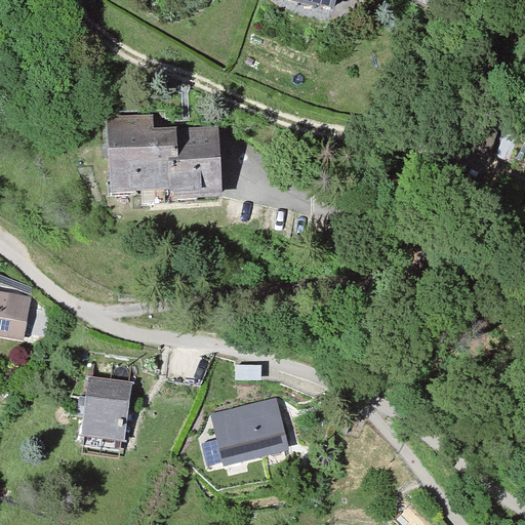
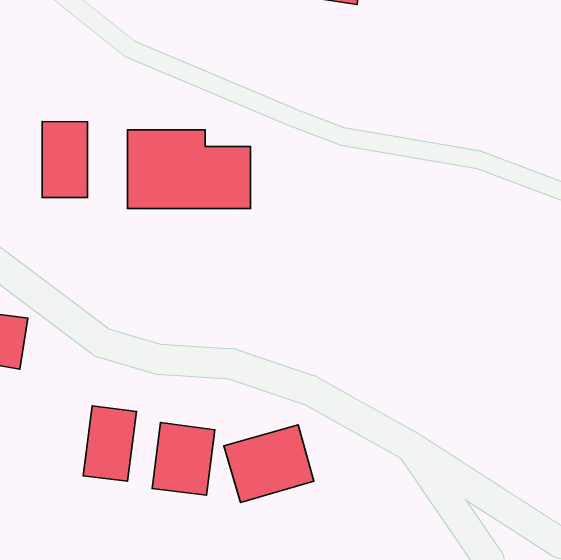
building: none -> [42,122,87,198]
building: none -> [152,422,215,495]

